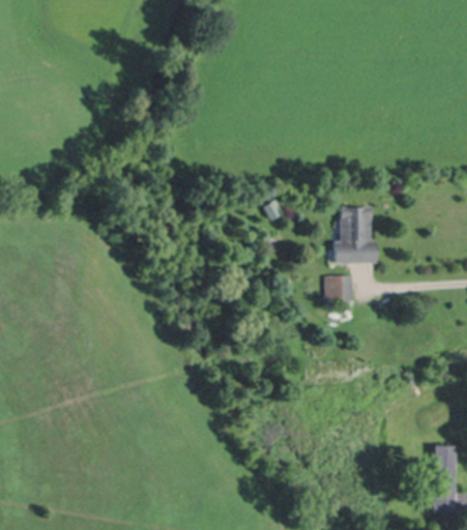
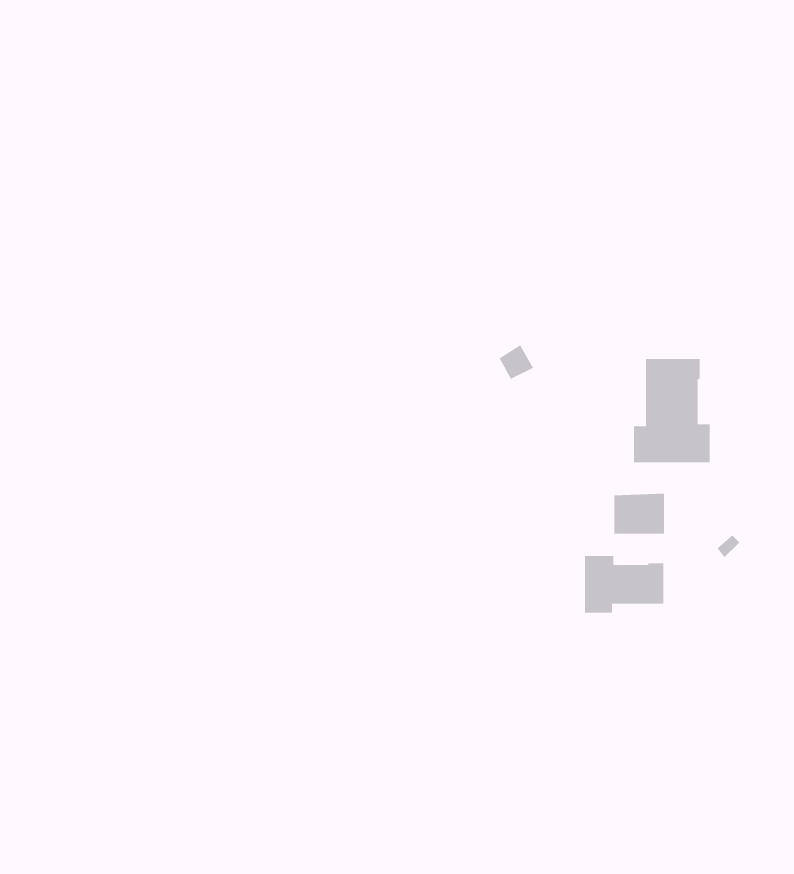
building: none -> [584,555,664,614]

